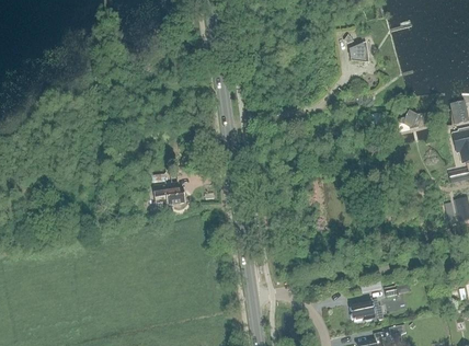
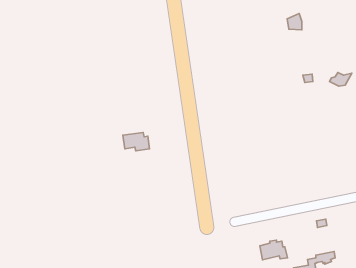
building: [351,298,384,321] -> [260,240,287,260]

